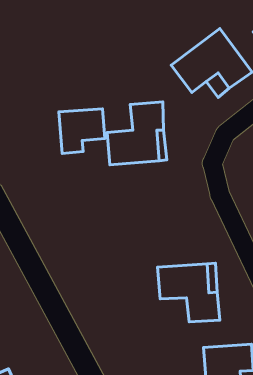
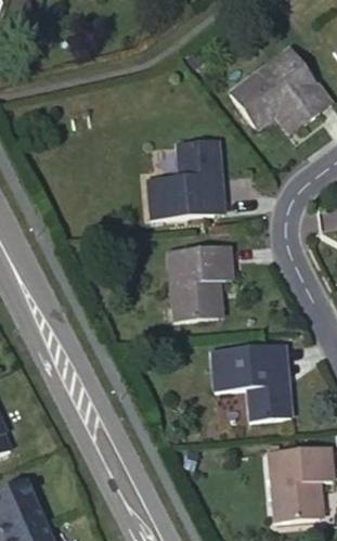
building: [59,109,105,153] -> none
building: none -> [170,245,233,320]

